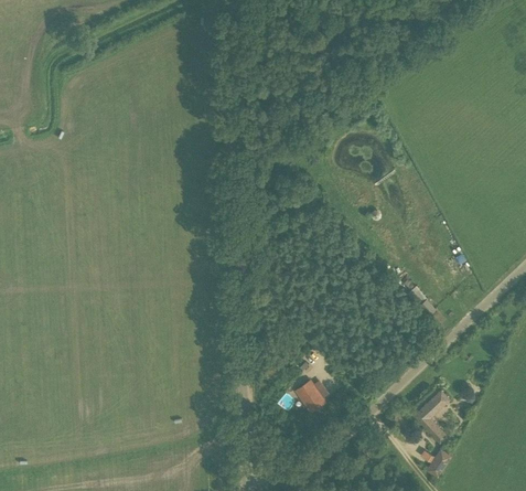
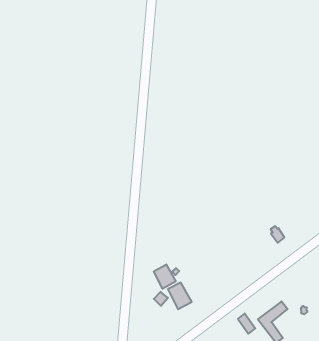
building: none -> [154,264,176,289]

